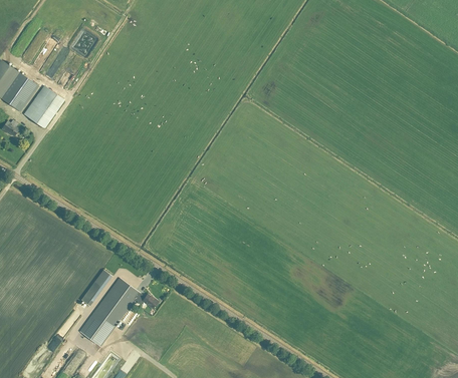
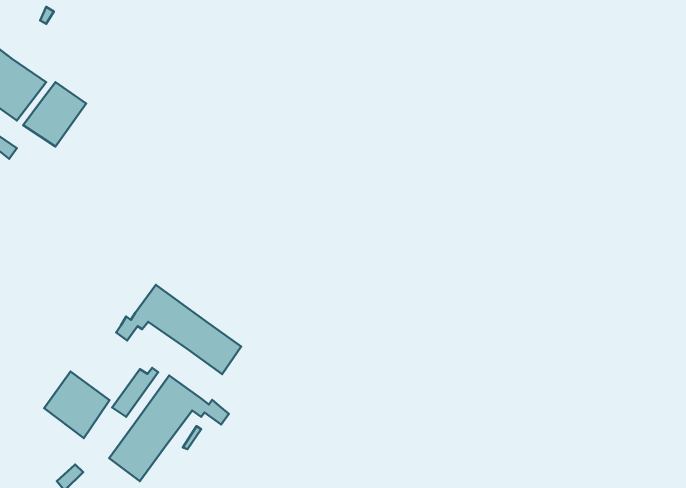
building: none -> [116,285,241,374]
building: none -> [44,371,109,438]

